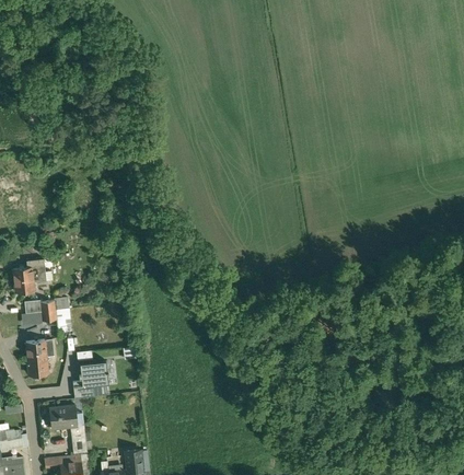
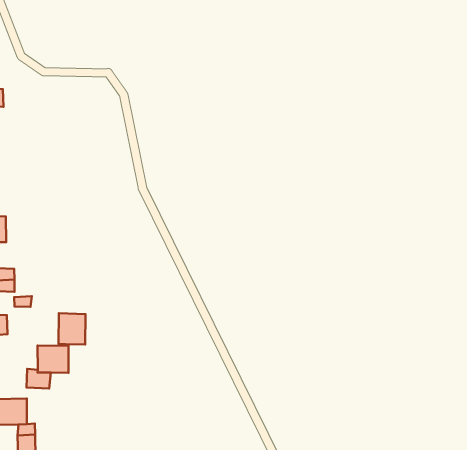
building: none -> [59,313,86,345]

